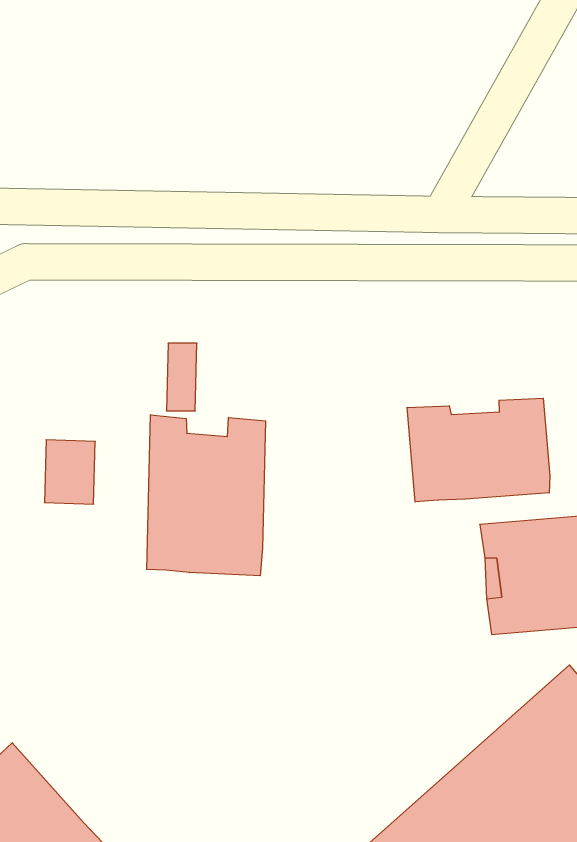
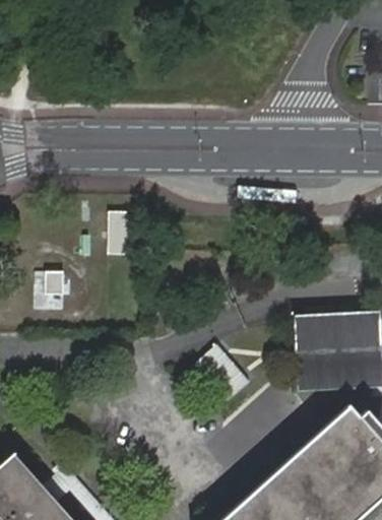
building: [407,398,550,502] -> none
building: [147,415,266,576] -> none

